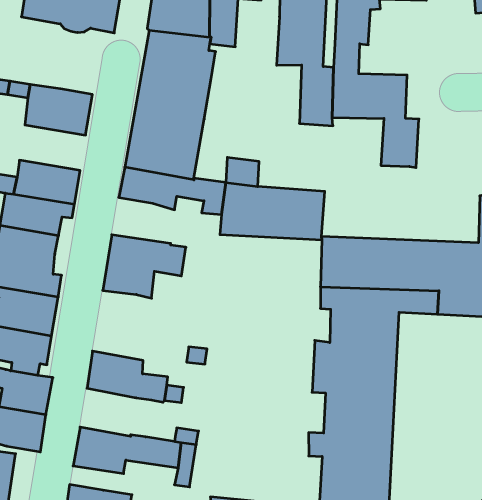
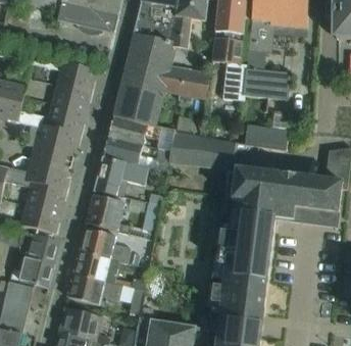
building: none -> [164,65,210,101]
building: none -> [49,85,91,115]
building: none -> [243,122,288,149]
building: none -> [102,137,170,171]
building: none -> [86,194,129,233]
building: none -> [73,249,118,282]

